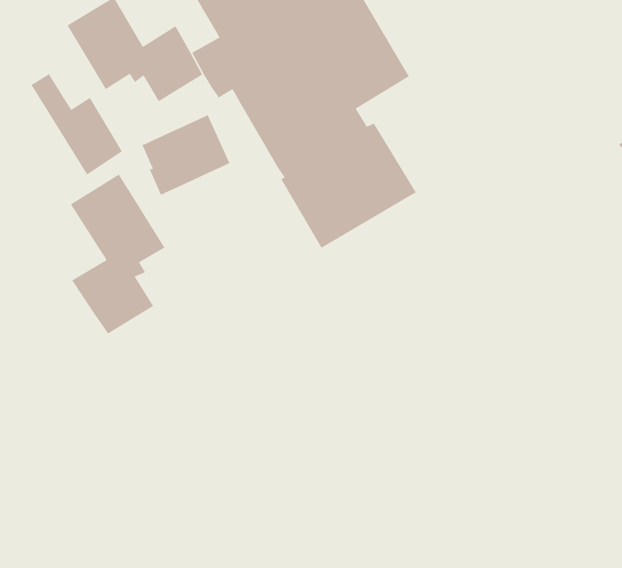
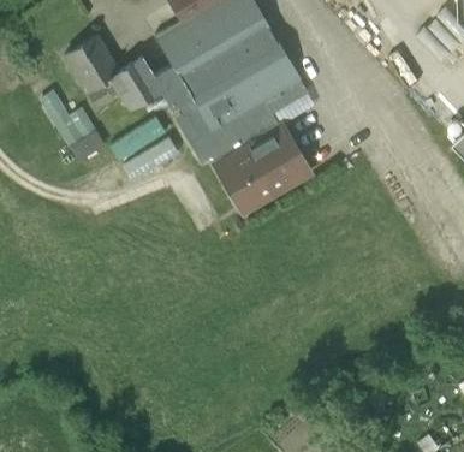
building: [70,173,166,334] -> none

